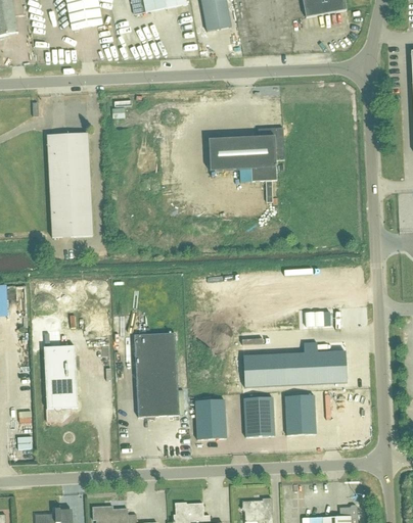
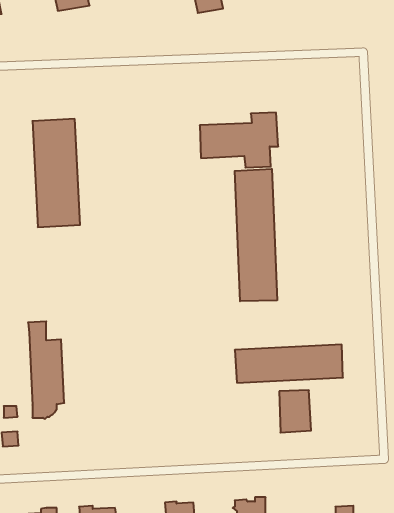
building: none -> [235,169,277,301]
building: [134,333,179,419] -> none
building: [243,396,274,436] -> none
building: [195,398,226,439] -> none

